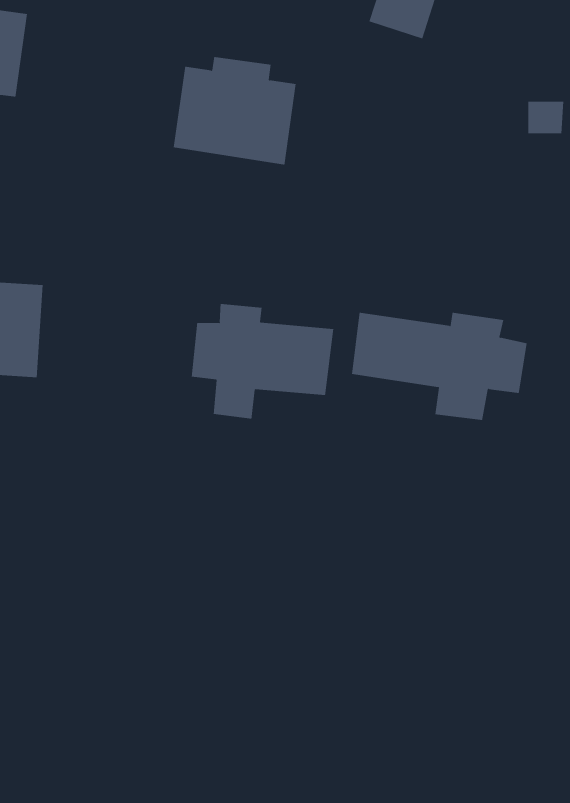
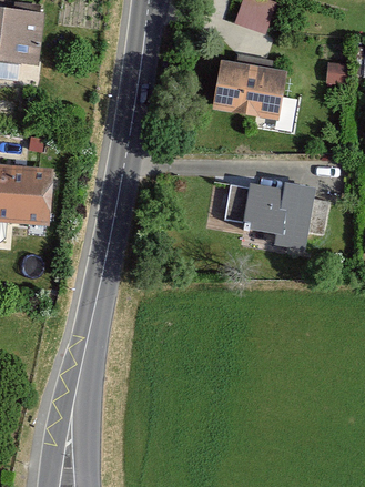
building: [173,57,297,165] -> [214,57,285,119]
building: [191,303,334,419] -> none

